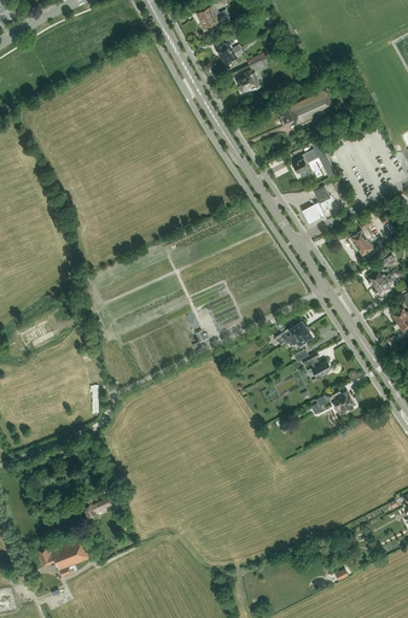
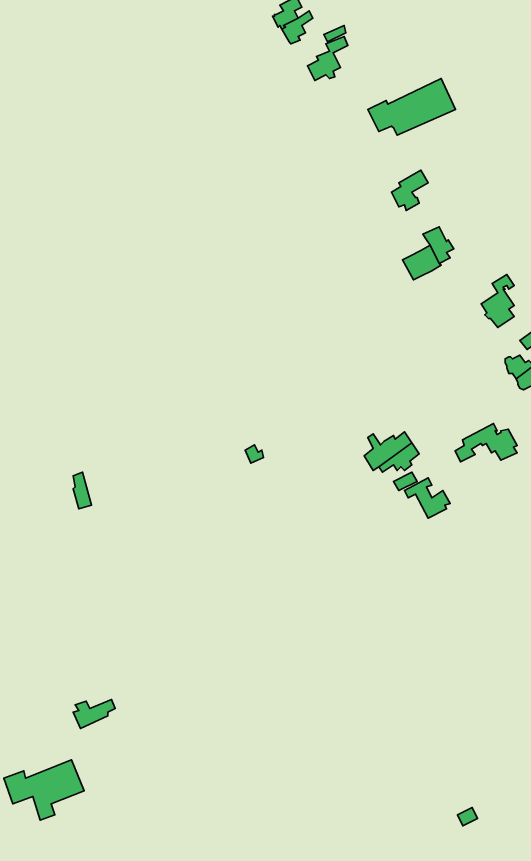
building: [313,389,354,414] -> [455,424,517,462]

